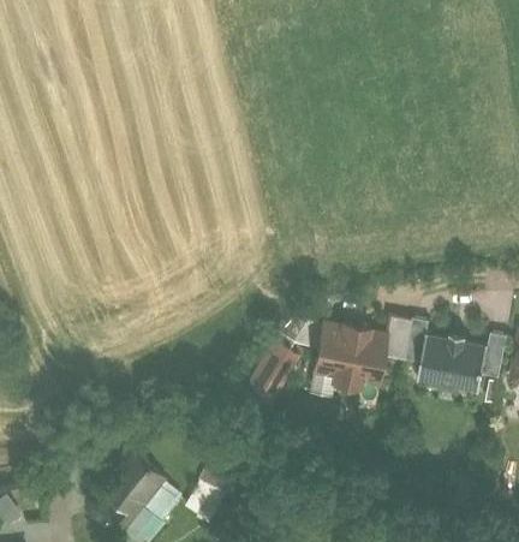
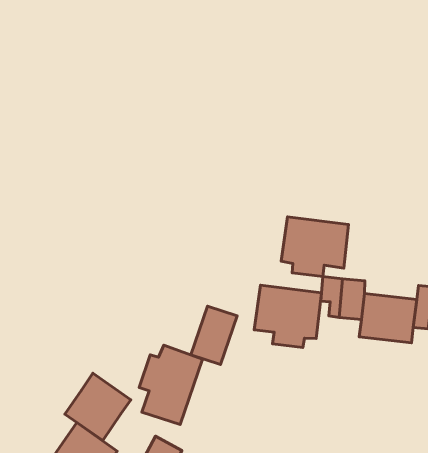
building: none -> [281,217,349,277]
building: none -> [139,345,203,424]
building: none -> [65,373,131,441]

